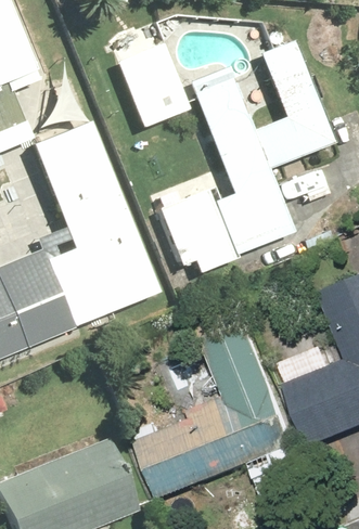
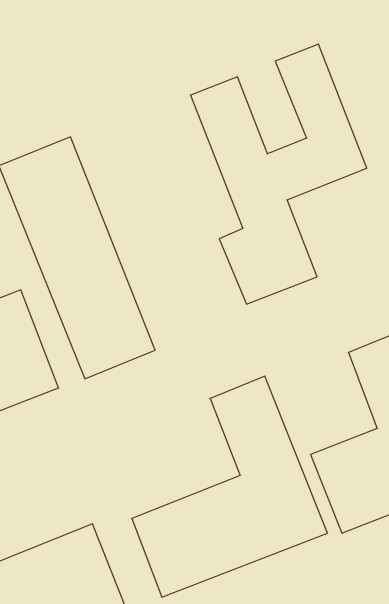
building: [118,40,189,124] -> none
building: [157,183,238,270] -> none

